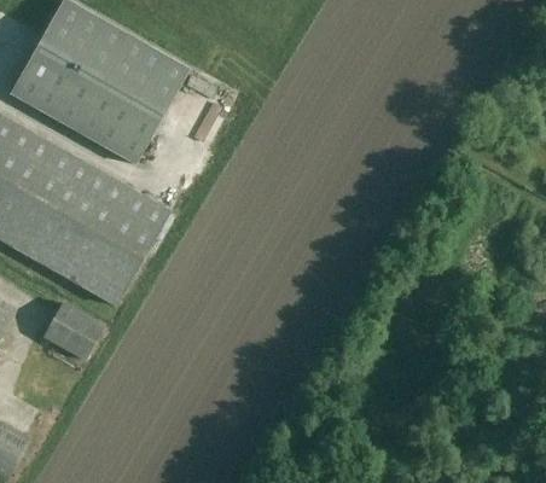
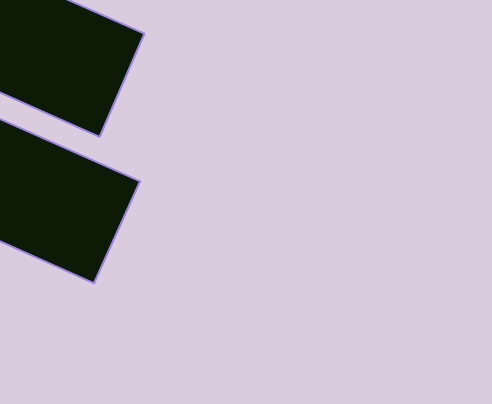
building: [42,301,105,360] -> none

